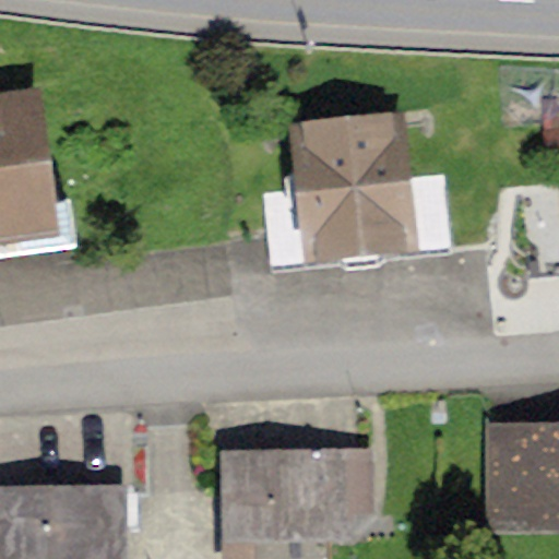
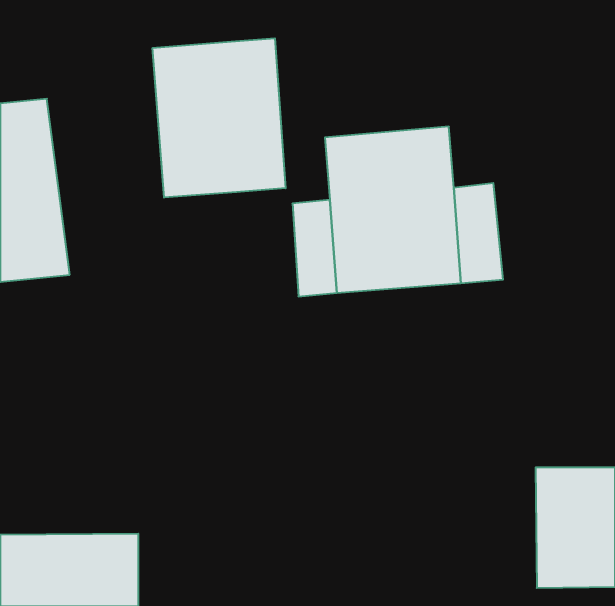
building: none -> [153,38,286,198]
building: [219,449,370,540] -> none

